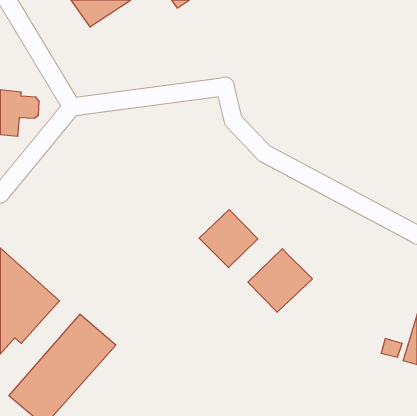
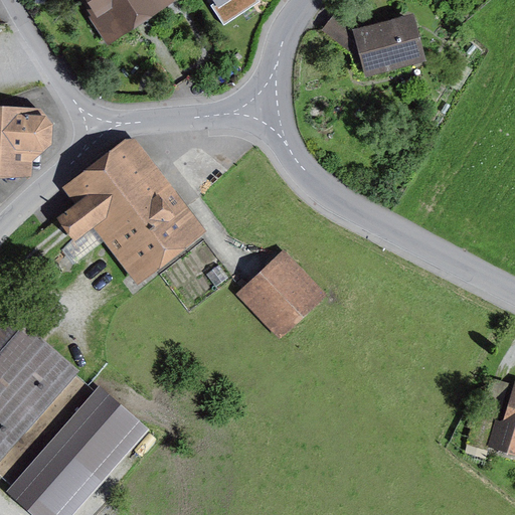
building: none -> [325,17,418,70]
building: none -> [63,144,189,269]
building: [248,249,312,312] -> none

